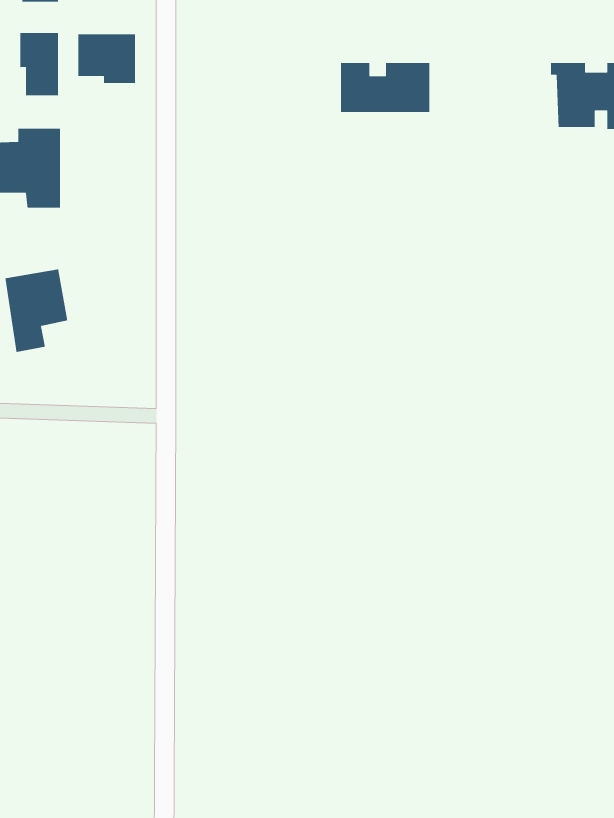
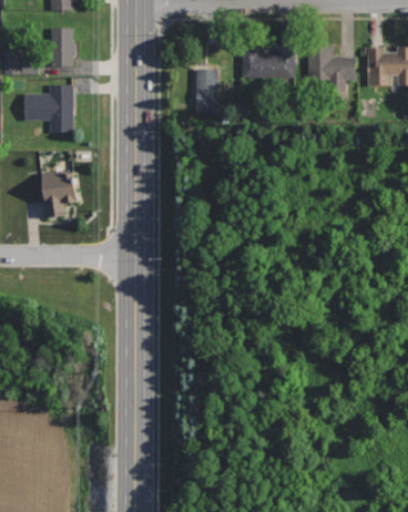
building: [77,33,136,84] -> none
building: none -> [306,47,356,91]
building: none -> [195,68,218,112]

